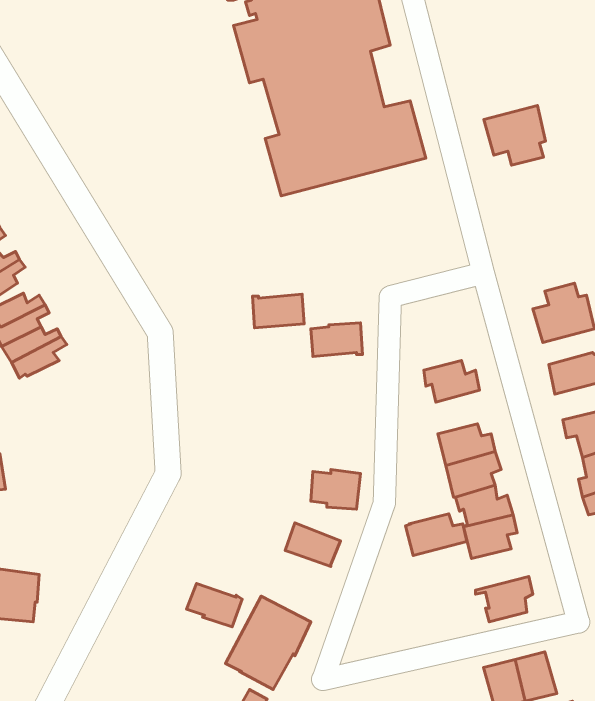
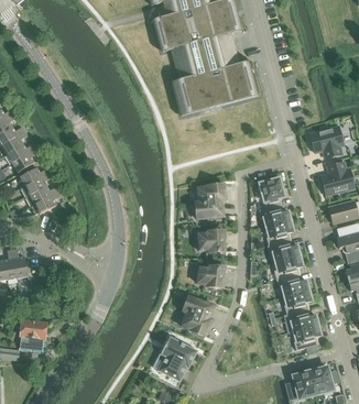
building: [484,106,545,165] -> [309,125,344,159]
building: [253,294,304,328] -> [195,200,224,219]
building: none -> [259,177,284,210]
building: none -> [266,221,294,245]
building: none -> [198,230,225,252]
building: [405,514,467,555] -> [284,309,318,332]
building: [187,583,242,627] -> [181,312,211,336]

